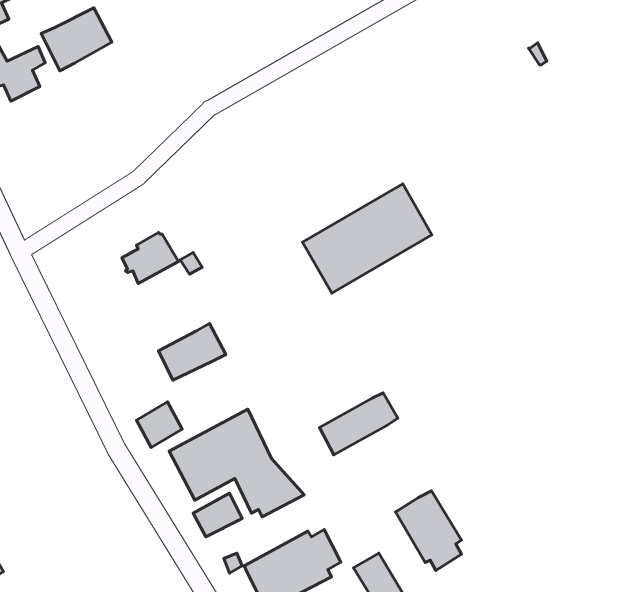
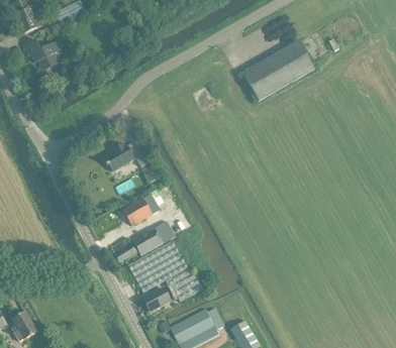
building: [41,8,112,71] -> none
building: [303,184,432,293] -> [242,40,314,101]
building: [319,393,398,455] -> [132,221,176,255]
building: [396,491,462,570] -> none

